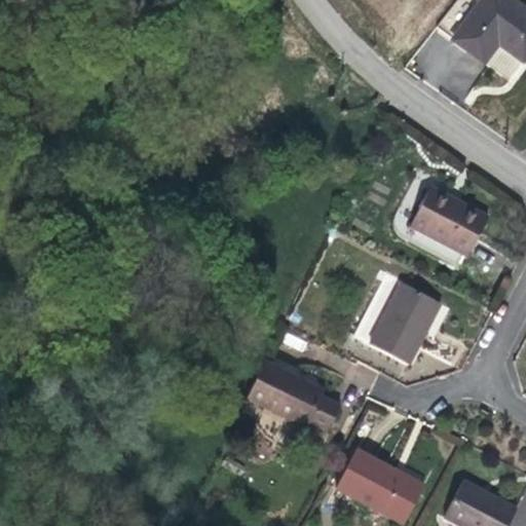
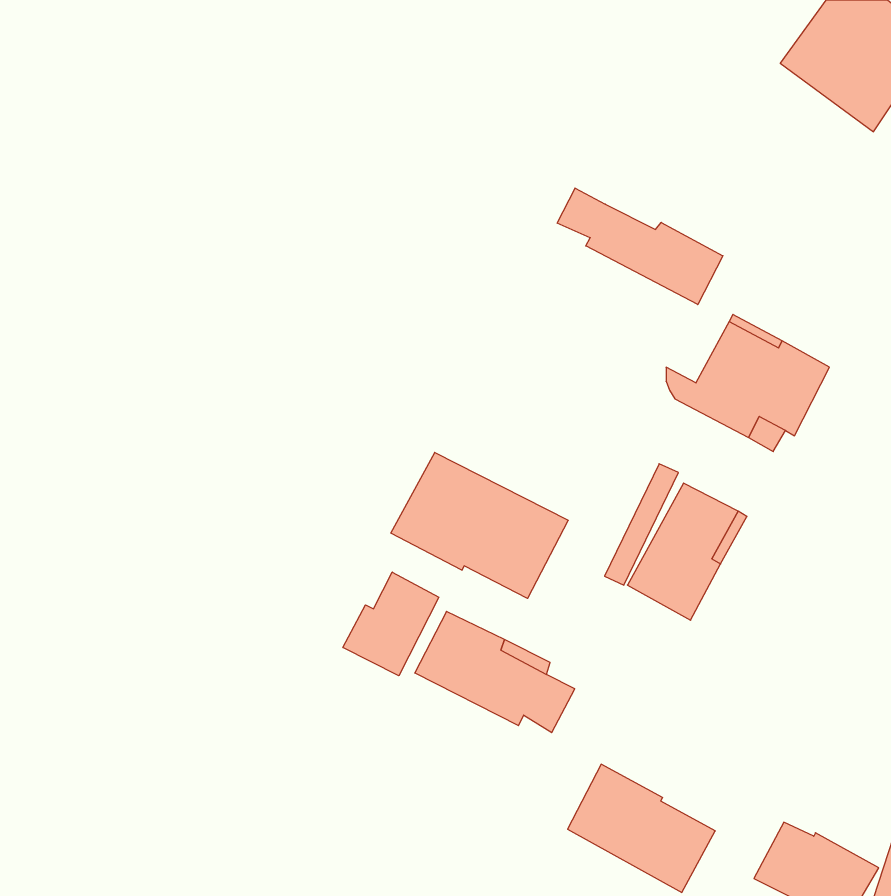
building: none -> [557,188,723,305]
building: none -> [391,452,568,598]
building: none -> [343,572,439,676]

